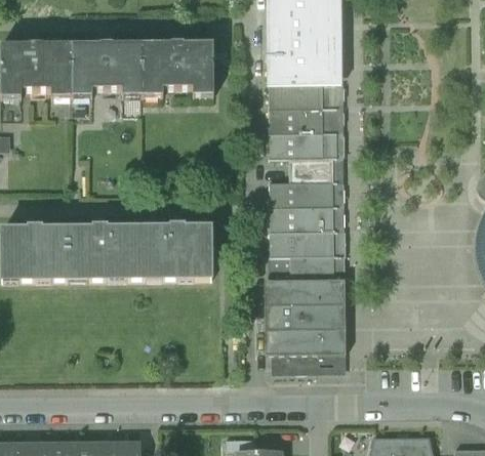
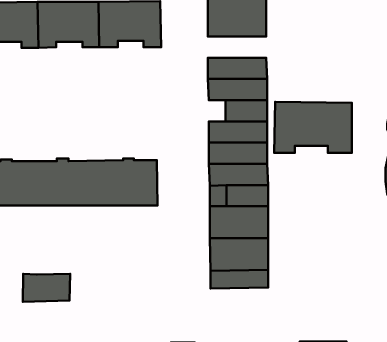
building: [271,81,338,106] -> none
building: none -> [274,102,352,153]
building: none -> [23,274,70,302]

